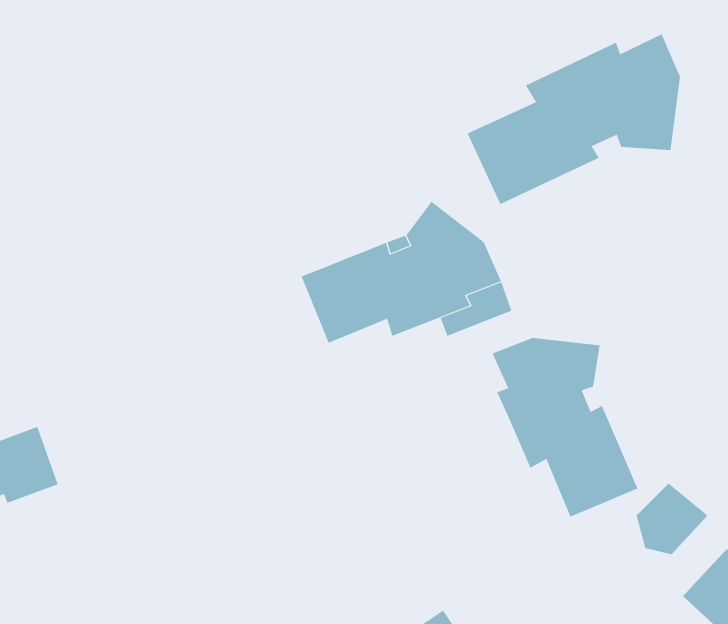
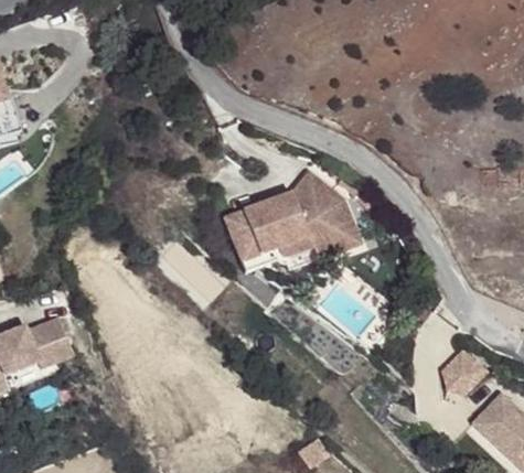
building: [467,34,680,205] -> none
building: [492,337,638,517] -> none

